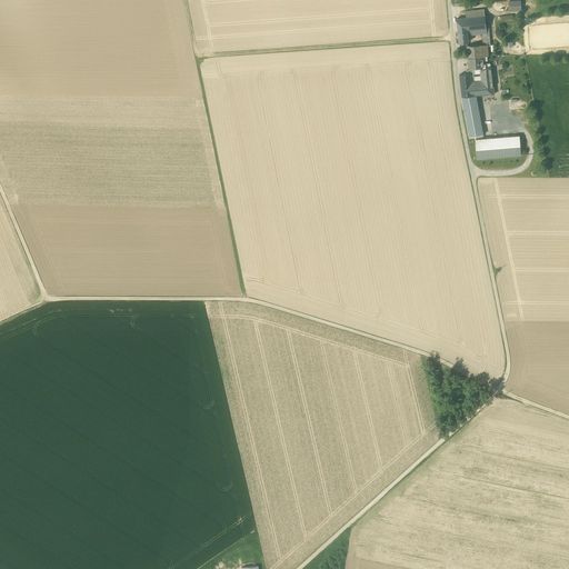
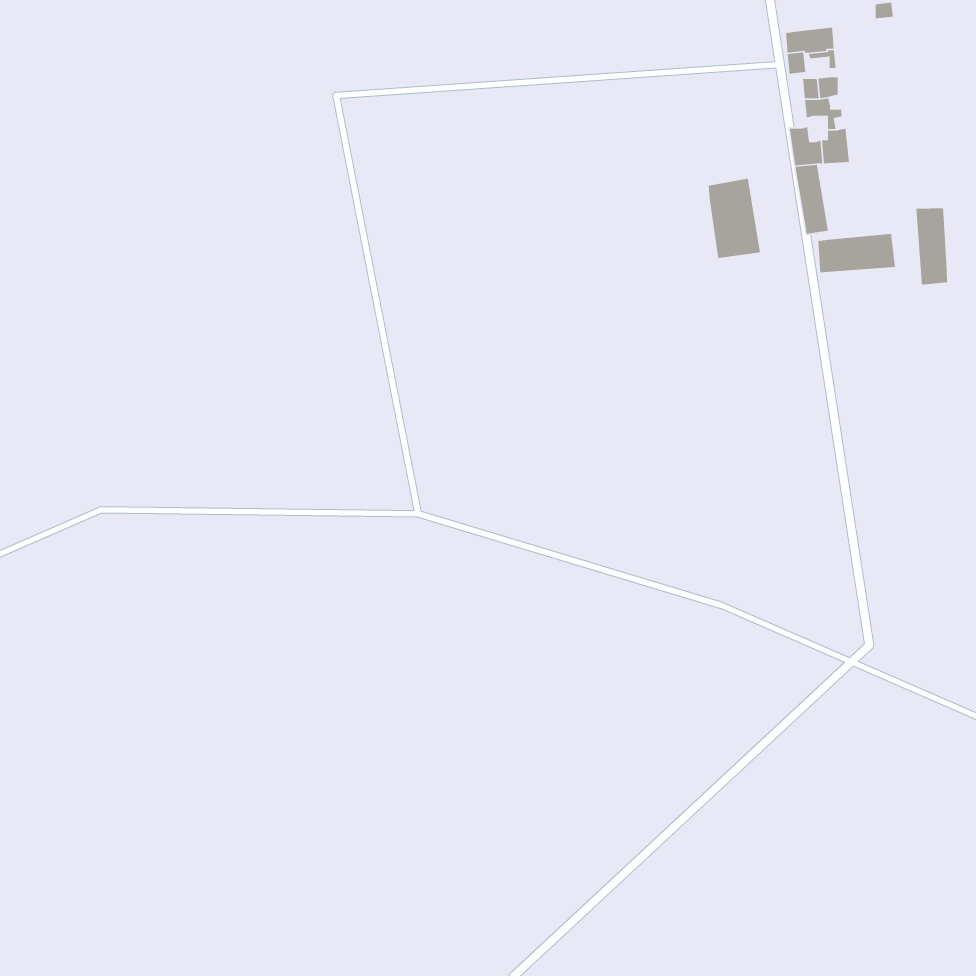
building: none -> [708,178,761,259]
building: none -> [915,207,948,285]

